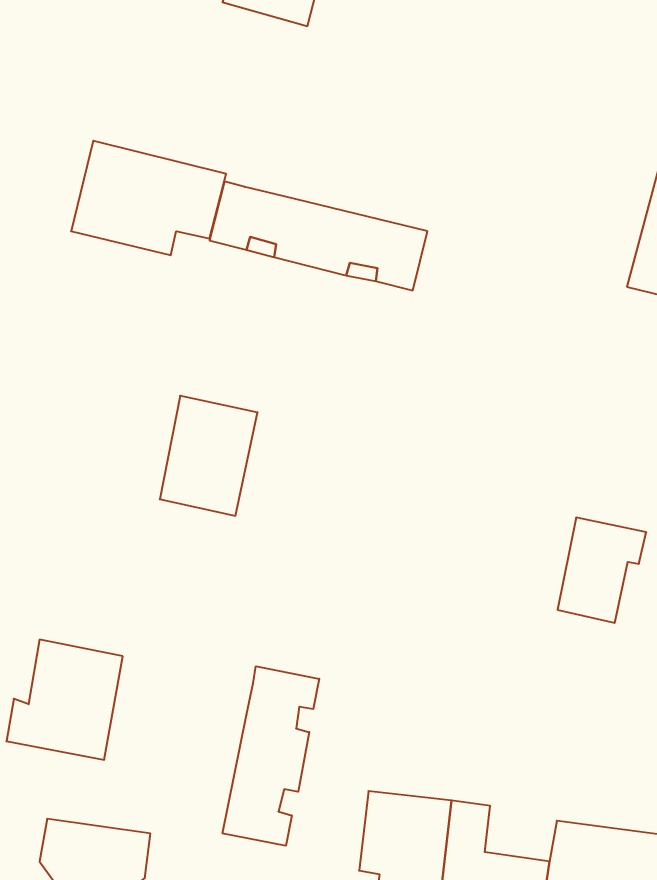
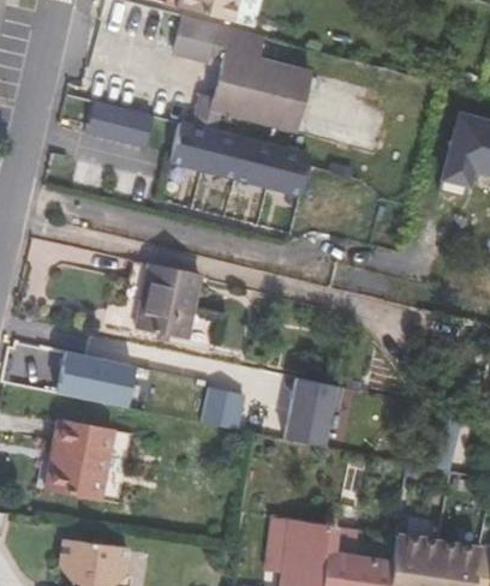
building: none -> [177,14,312,132]
building: [558,518,646,623] -> [285,377,342,446]
building: none -> [56,349,132,405]
building: none -> [202,385,245,429]
building: [223,666,319,846] -> none

